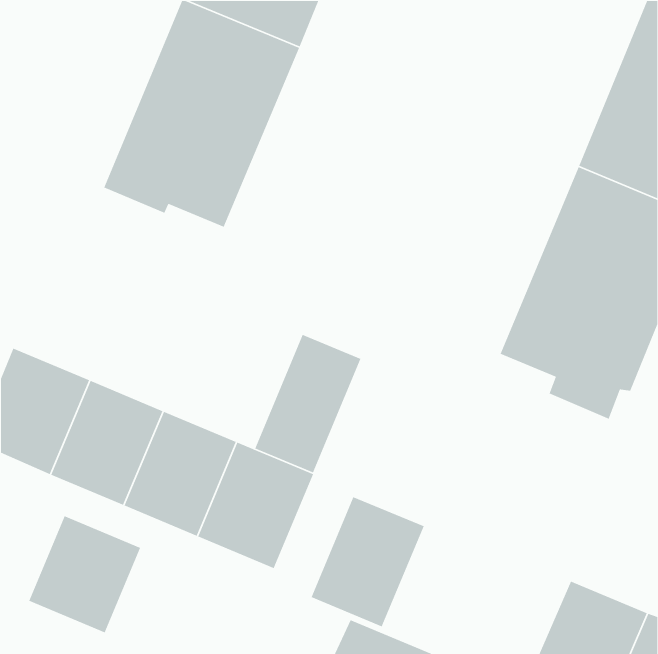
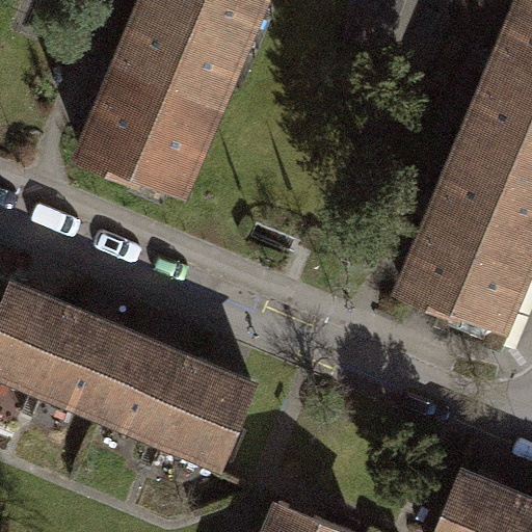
building: [254,334,362,473] -> none
building: [310,496,425,627] -> none
building: [28,515,141,633] -> none

